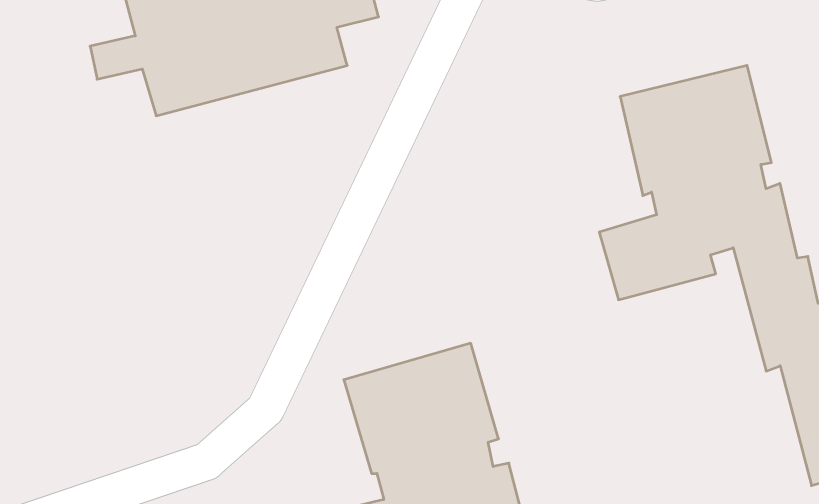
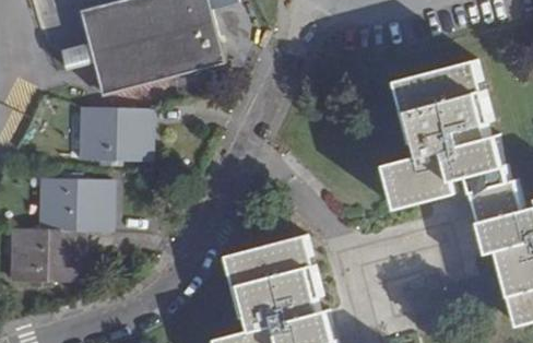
building: none -> [80,106,149,159]
building: none -> [11,178,110,282]

